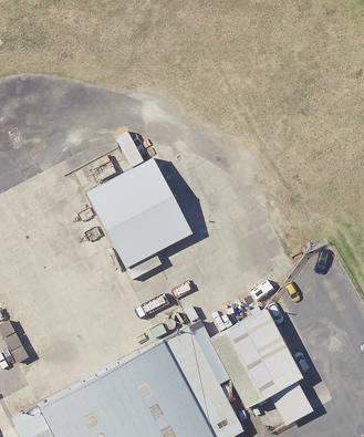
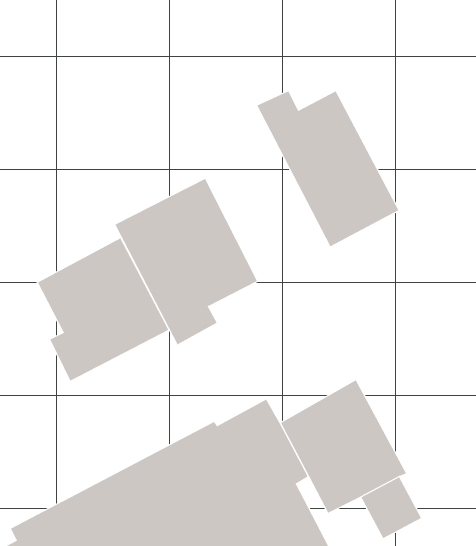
building: none -> [257,90,399,247]
building: none -> [37,238,169,381]

